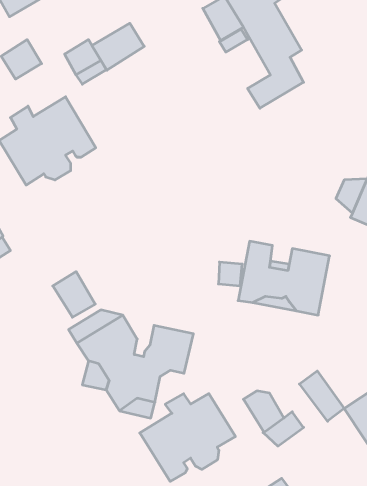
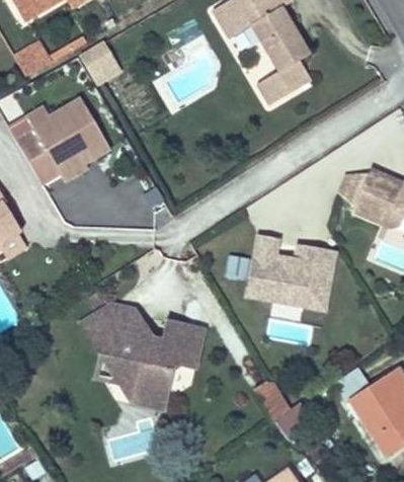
building: [92,23,144,70] -> none
building: [53,272,95,317] -> none
building: [299,371,344,421] -> none
building: [140,394,235,481] -> none

